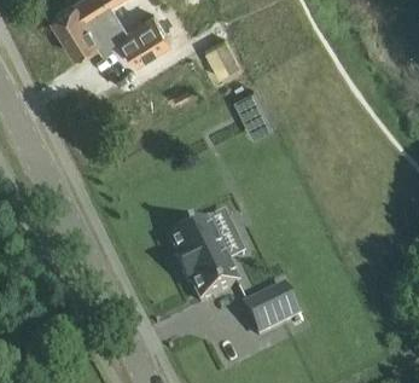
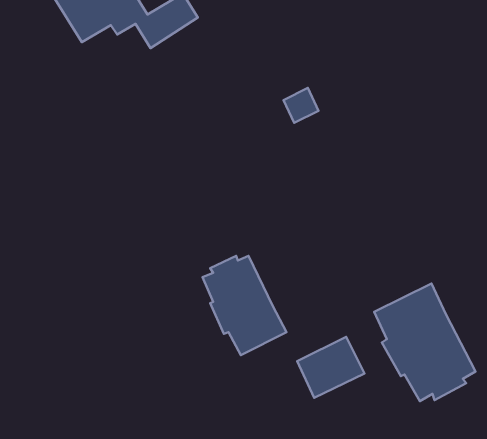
building: none -> [374,283,475,401]

